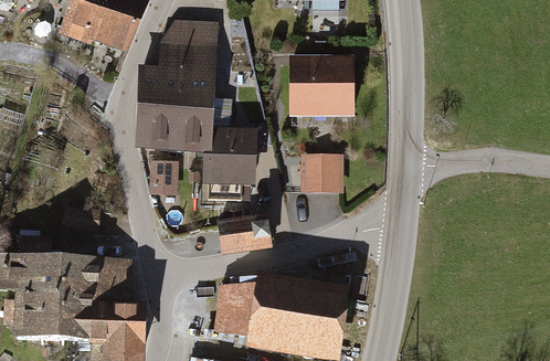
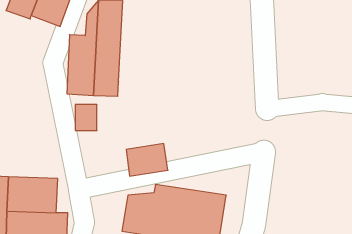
building: [289,55,356,117] -> none
building: [204,128,253,179] -> none
building: [300,152,342,191] -> none

